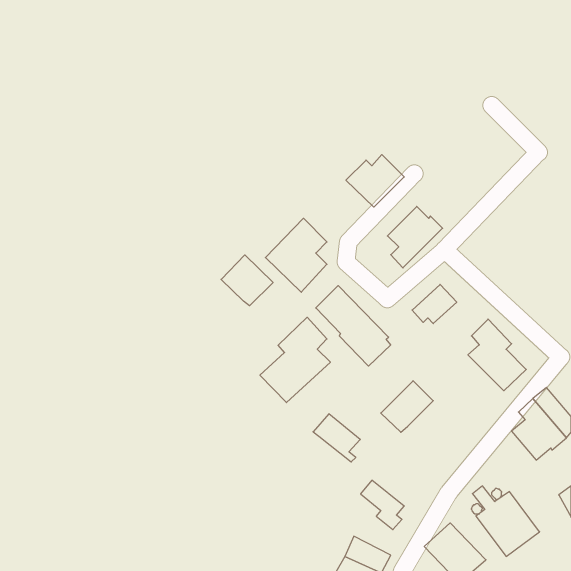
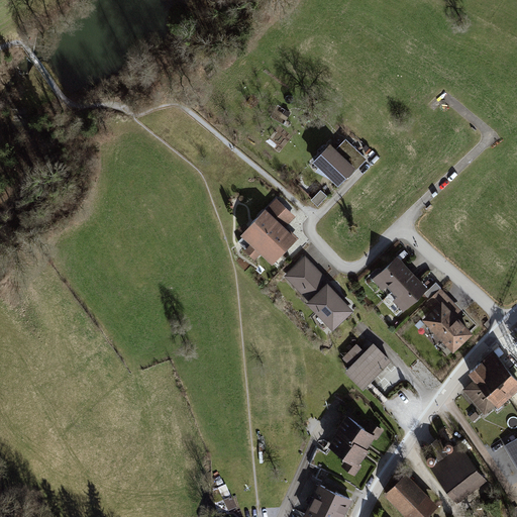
building: [387,206,443,268] -> none
building: [221,255,273,306] -> none
building: none -> [391,274,427,313]
building: [260,317,330,403] -> none
building: [313,414,360,462] -> [330,414,373,457]

